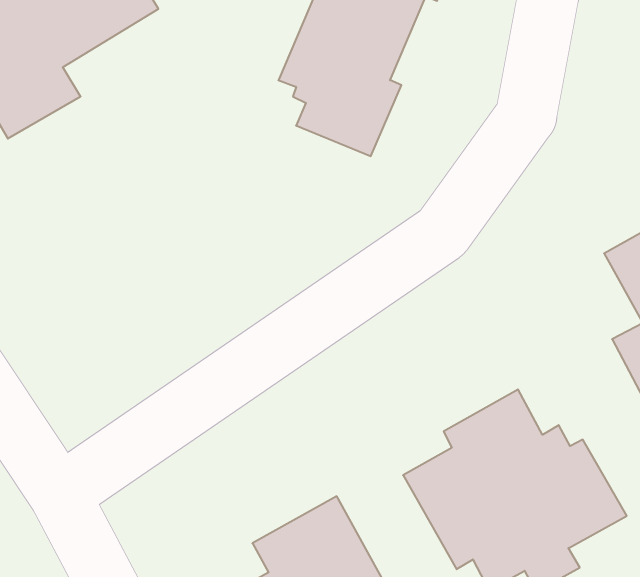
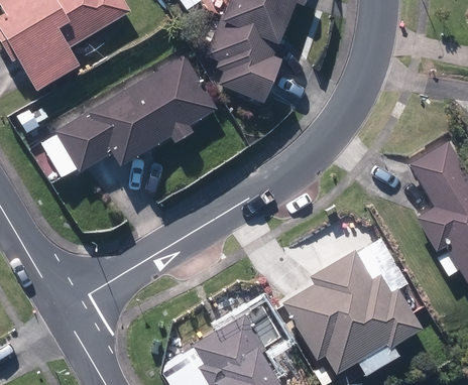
building: none -> [40,53,219,175]

